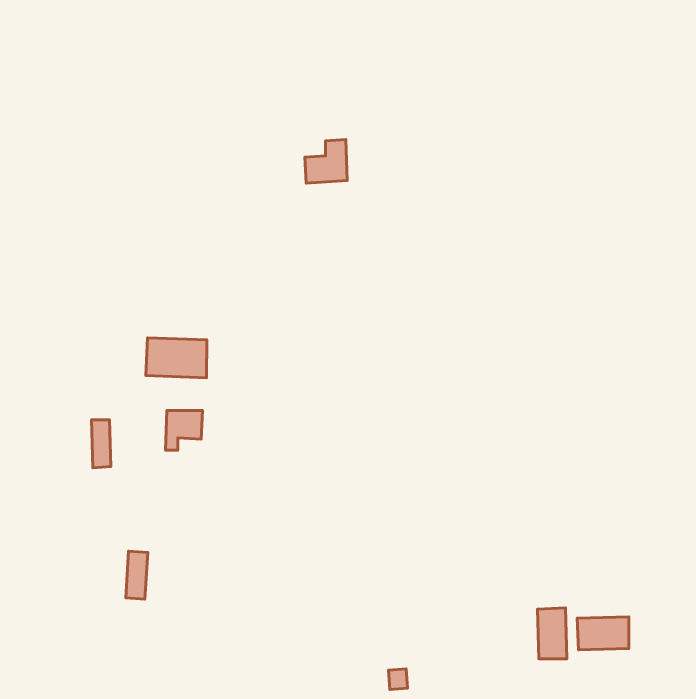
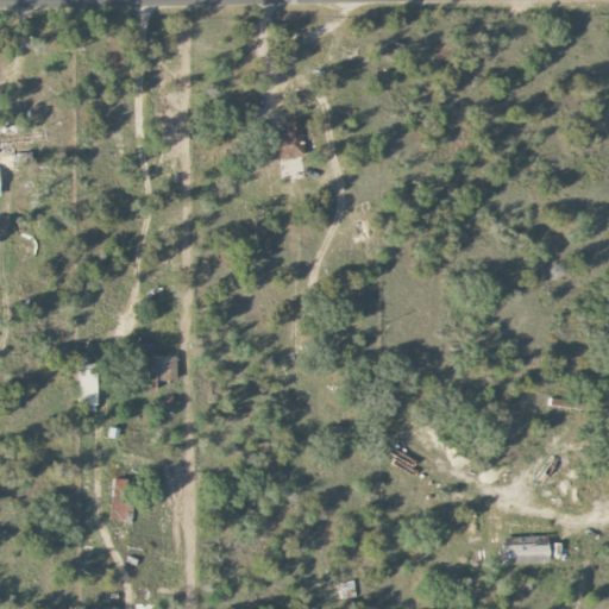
building: [146,338,207,378] -> none
building: [537,608,567,659] -> none

